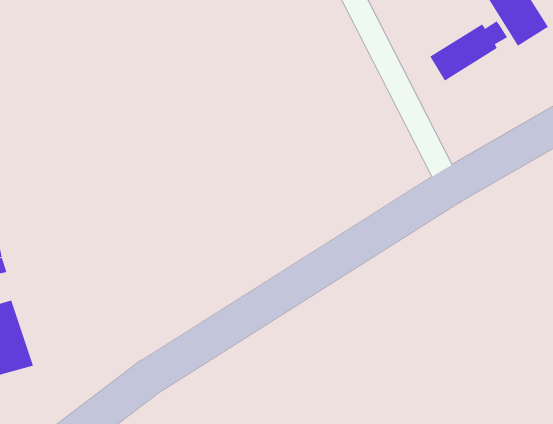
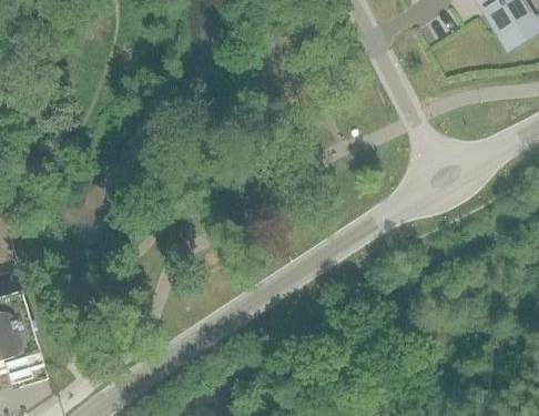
building: [429,21,508,81] -> none

